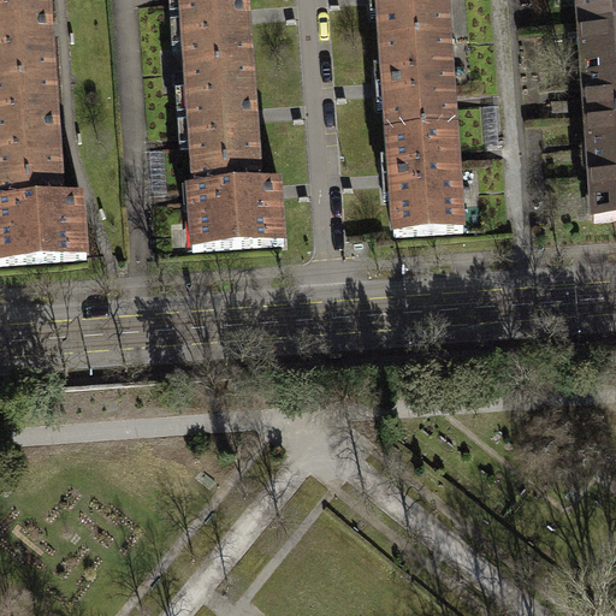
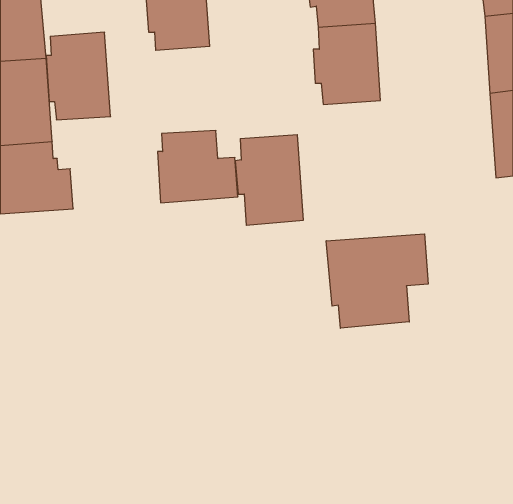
building: [182,55,259,160] -> [46,32,111,120]
building: [381,120,463,229] -> [235,135,303,225]
building: none -> [326,234,428,328]

